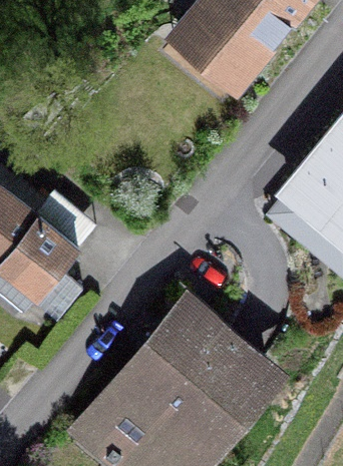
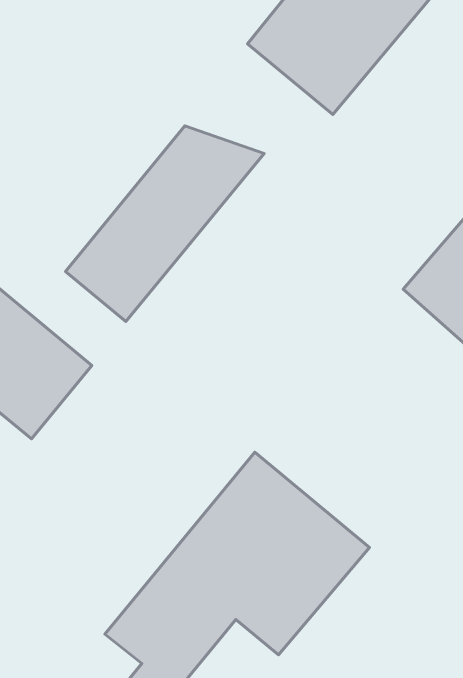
building: none -> [66,126,264,321]

